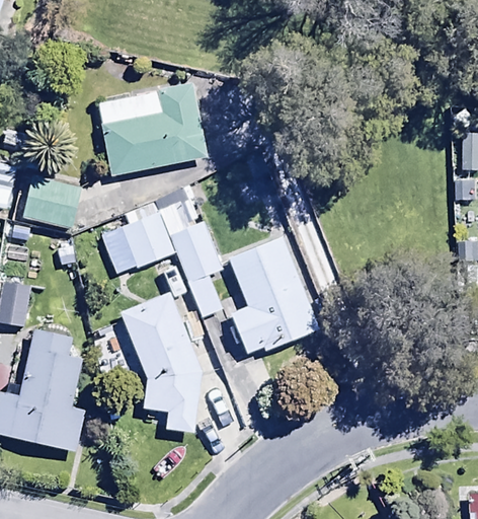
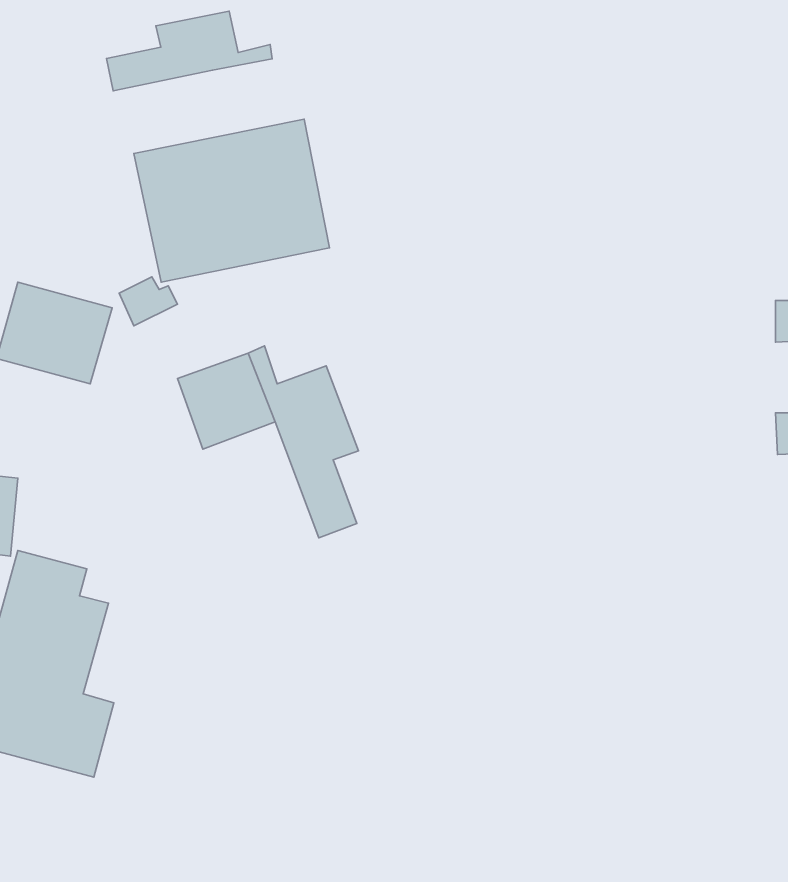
building: none -> [107,11,272,91]
building: [227,235,319,352] -> none
building: [121,293,200,430] -> none

